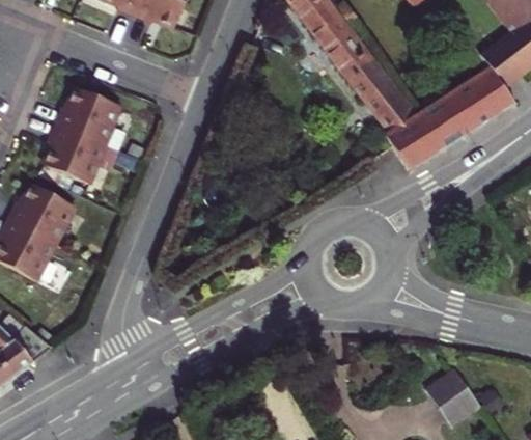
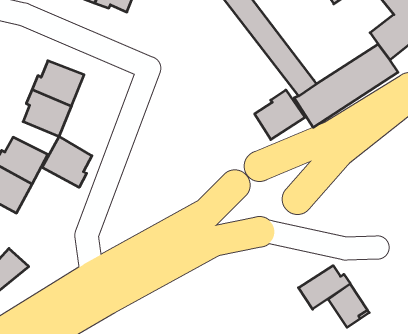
building: none -> [255,90,305,140]
building: none -> [42,136,92,187]
building: none -> [298,266,350,309]

